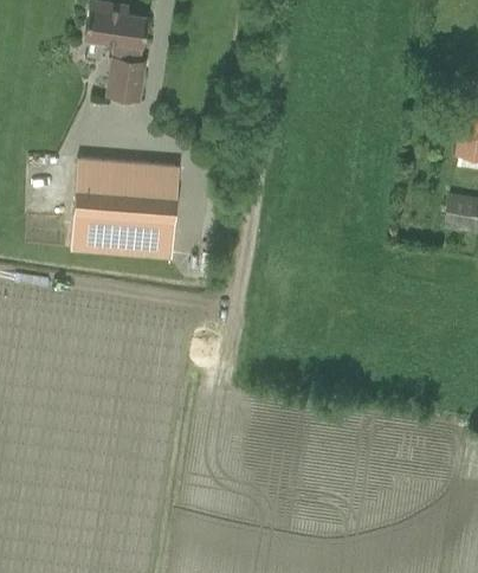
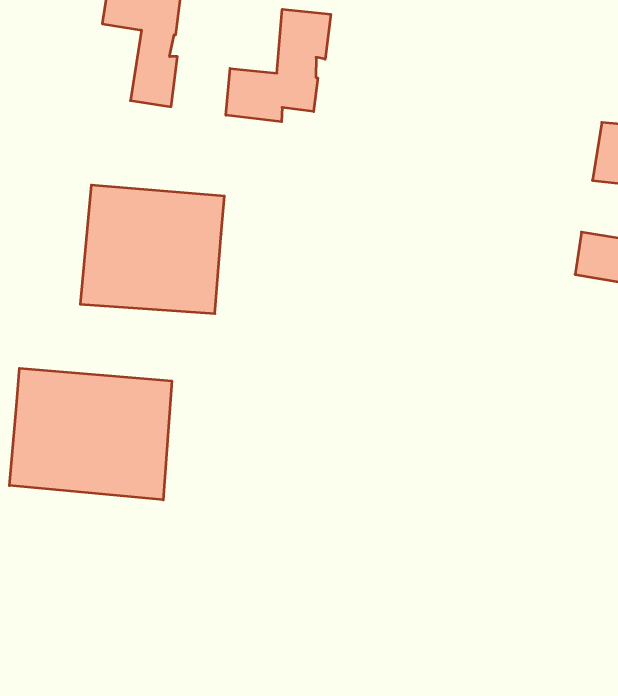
building: none -> [226,9,331,122]
building: none -> [9,368,172,500]

